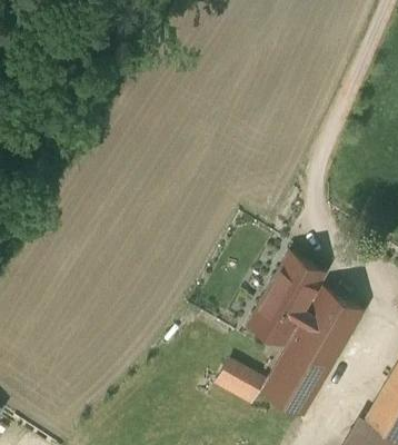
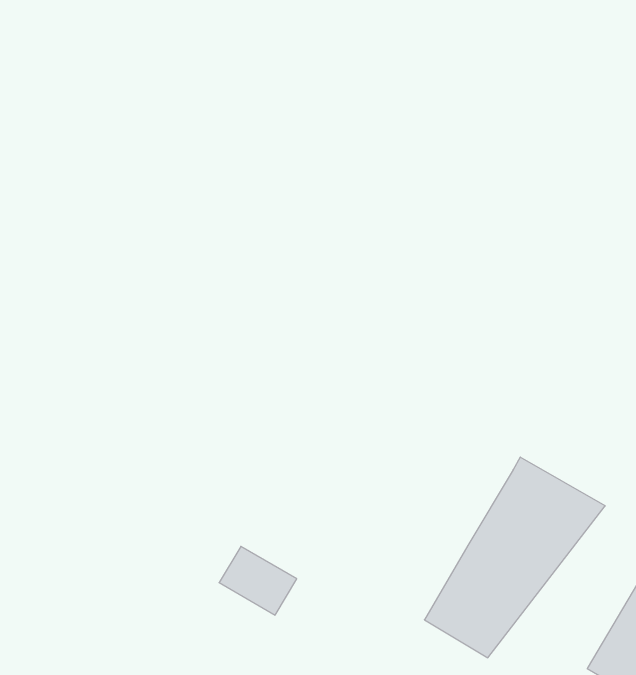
building: [249,254,325,344] -> none
building: [217,359,265,402] -> [219,546,297,615]

